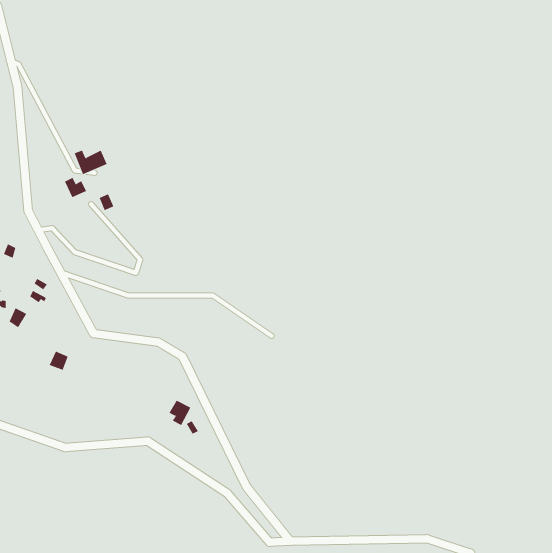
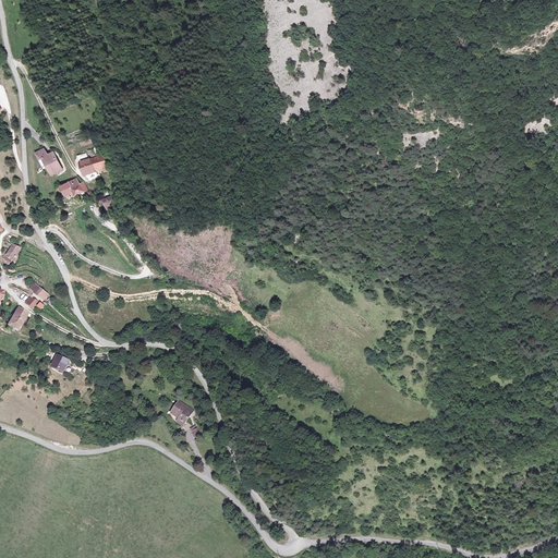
building: none -> [31,145,62,174]

